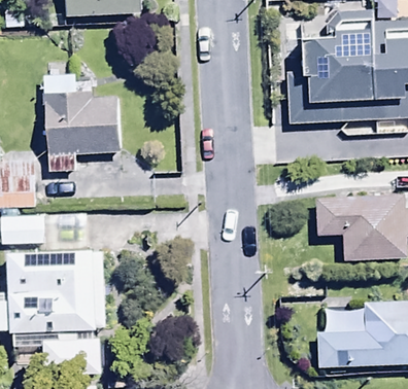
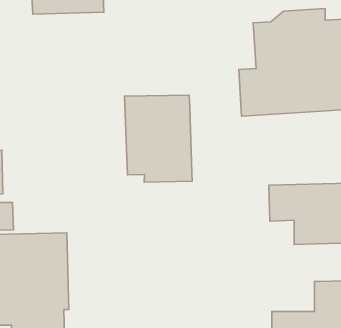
building: [43,73,121,173] -> none
building: none -> [125,95,192,182]

